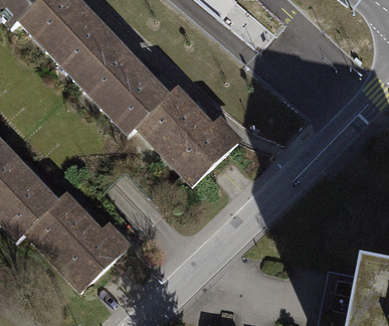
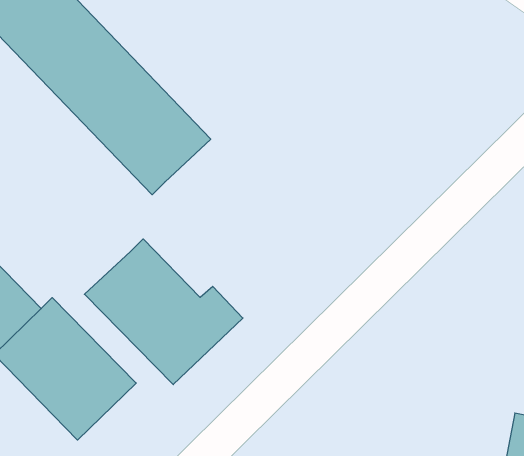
building: [136,86,236,178] -> [84,239,243,385]

